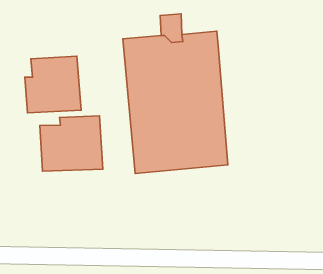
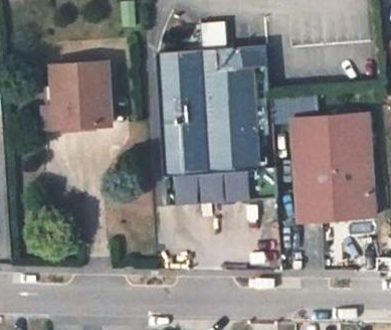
building: none -> [291,107,374,210]
building: [40,116,103,171] -> none

